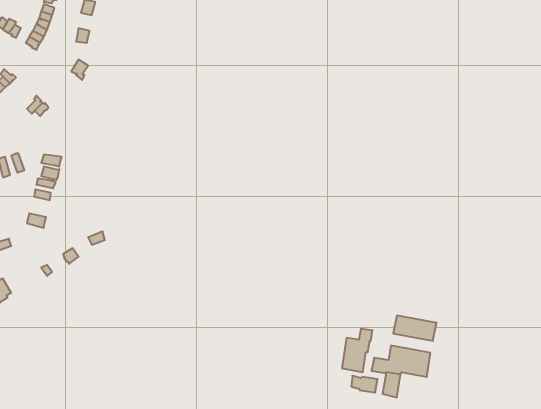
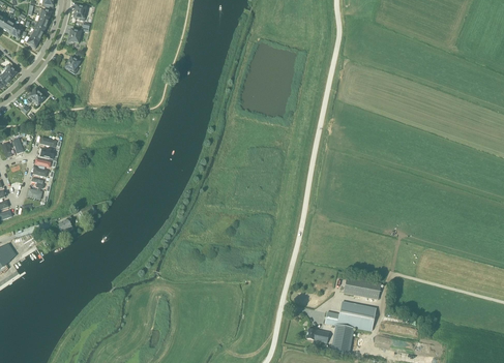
building: [342,328,372,372] -> none

